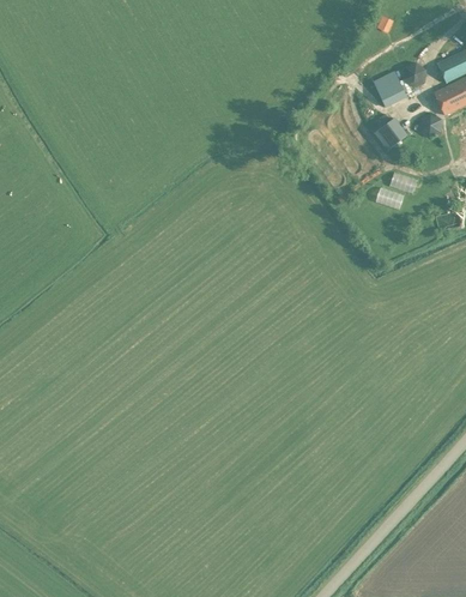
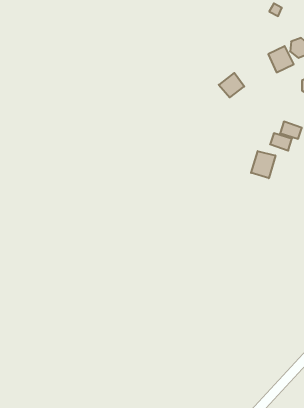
building: [374,117,407,150] -> [219,73,244,97]
building: none -> [251,151,275,178]

